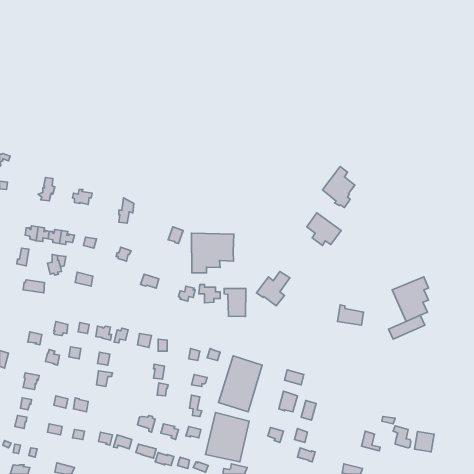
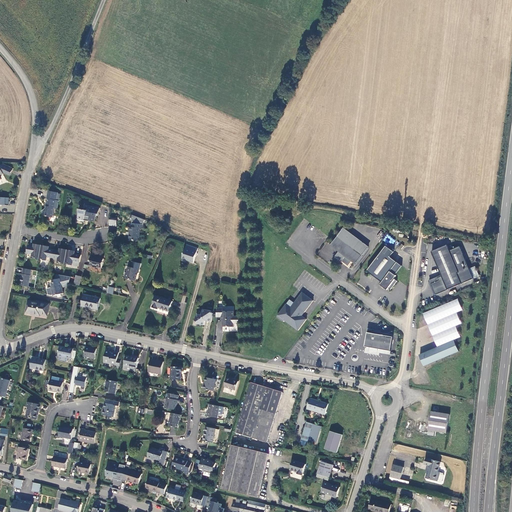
building: [322,167,355,208] -> [366,245,401,289]
building: none -> [429,242,471,292]
building: [192,233,234,273] -> none
building: [224,288,246,317] -> none
building: [415,431,434,452] -> [427,410,448,432]

